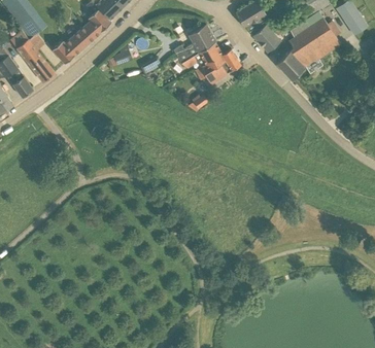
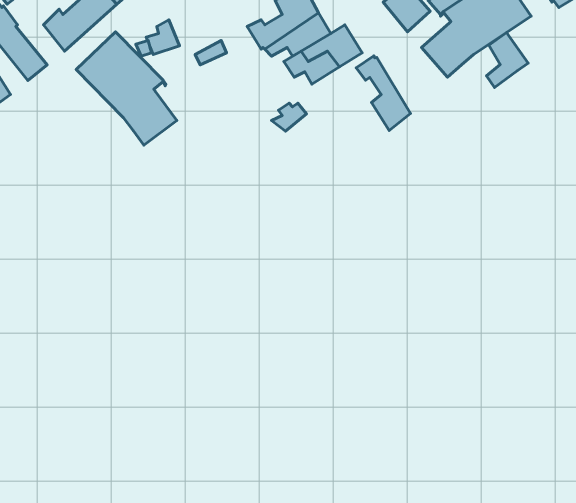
building: none -> [76,32,177,145]
building: none -> [486,33,528,88]
building: none -> [356,56,410,130]

